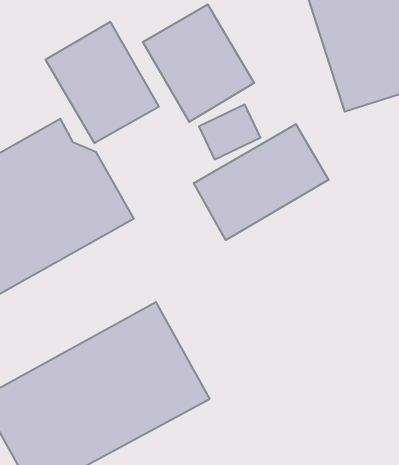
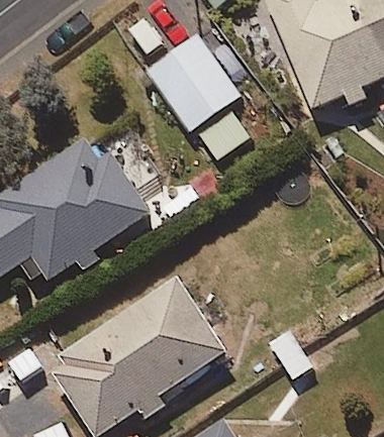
building: [46,22,159,143] -> none
building: [194,124,329,240] -> none

